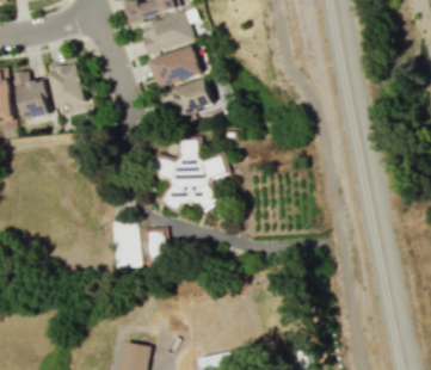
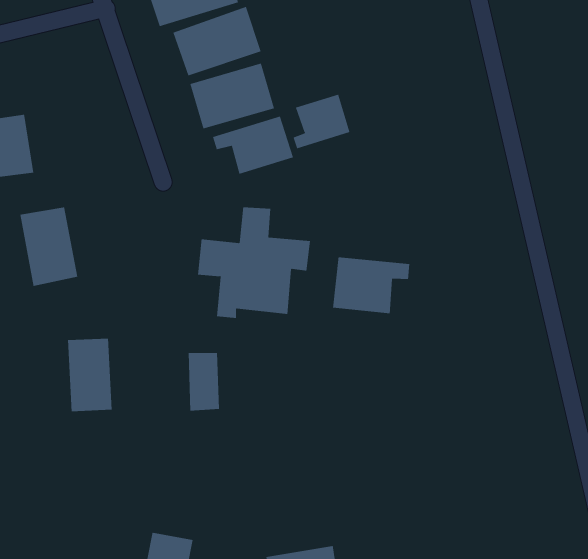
building: [48,57,85,107] -> [20,207,78,286]
building: none -> [293,94,350,149]
building: none -> [333,256,410,314]
building: [111,221,140,267] -> [67,338,113,412]

